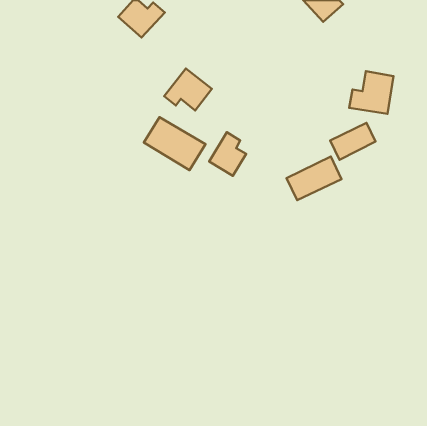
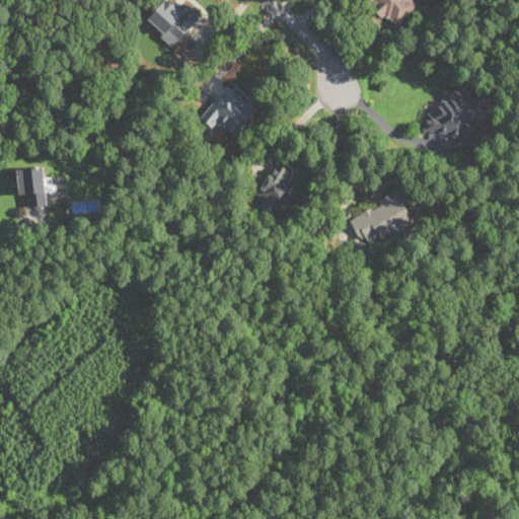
building: [144,117,205,170] -> none
building: [330,123,376,160] -> none
building: none -> [15,167,53,208]

